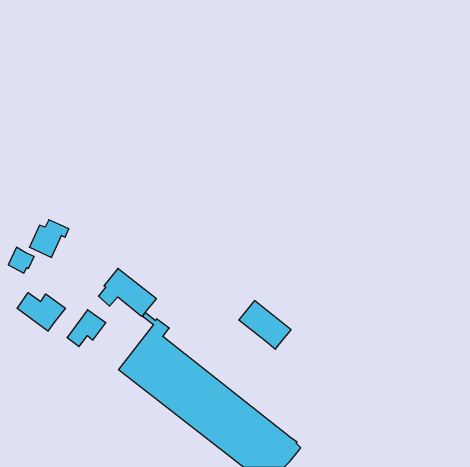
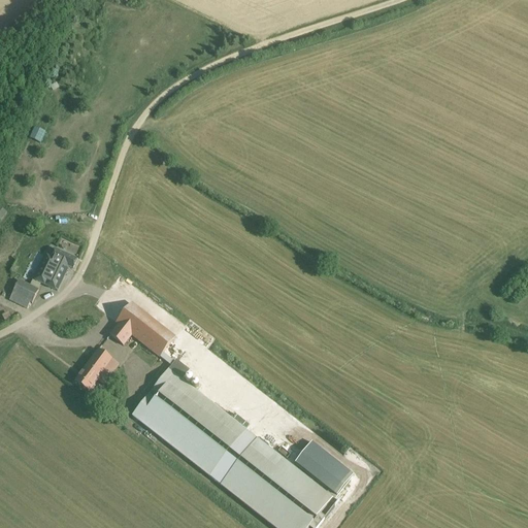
building: [17,293,65,331] -> none
building: [239,301,291,349] -> [295,439,354,494]

